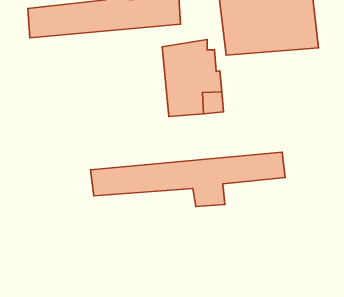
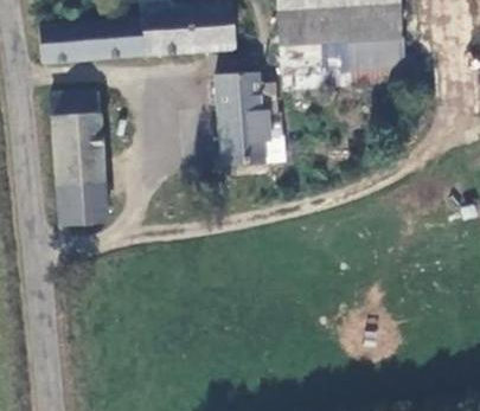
building: none -> [51,90,101,221]
building: [90,152,285,207] -> none

